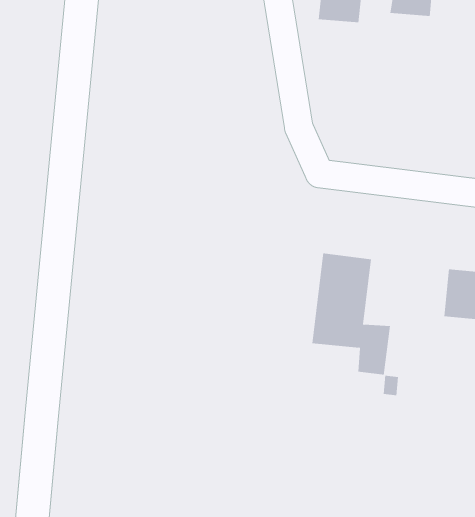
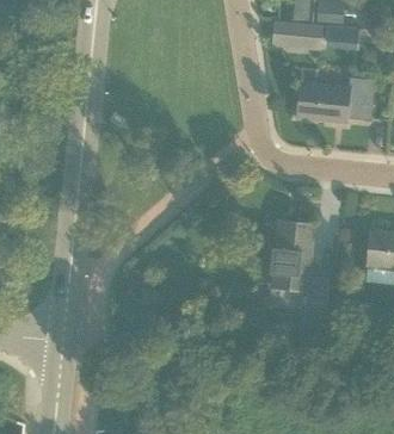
building: none -> [295,78,374,122]

